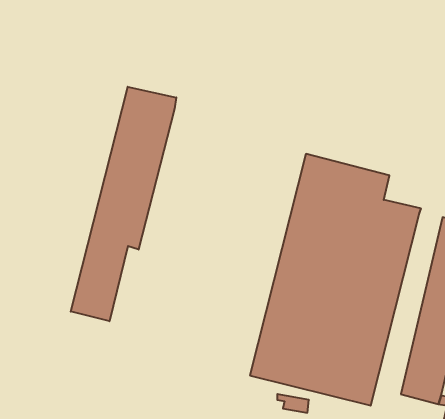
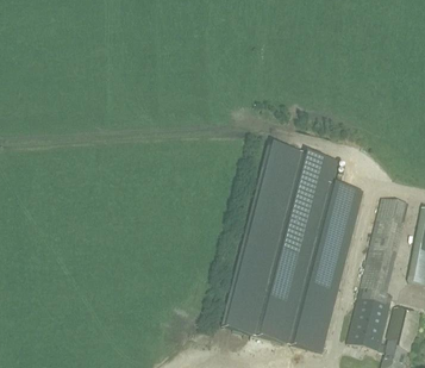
building: [71,87,176,321] -> none

